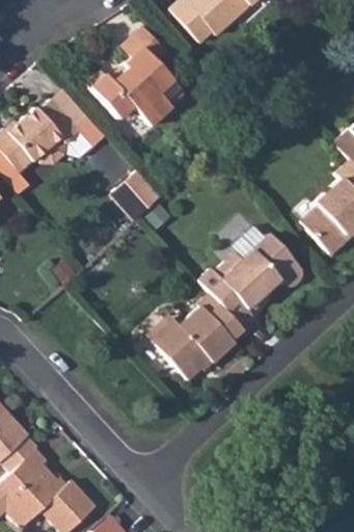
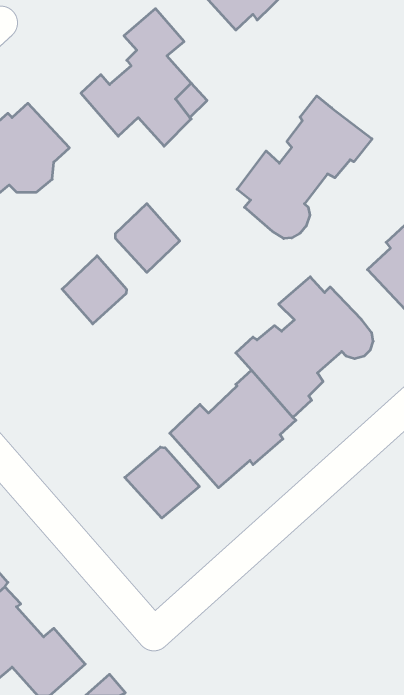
building: none -> [237,96,372,239]
building: none -> [62,256,126,324]
building: none -> [125,447,199,518]

